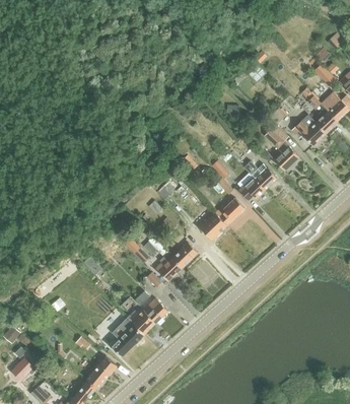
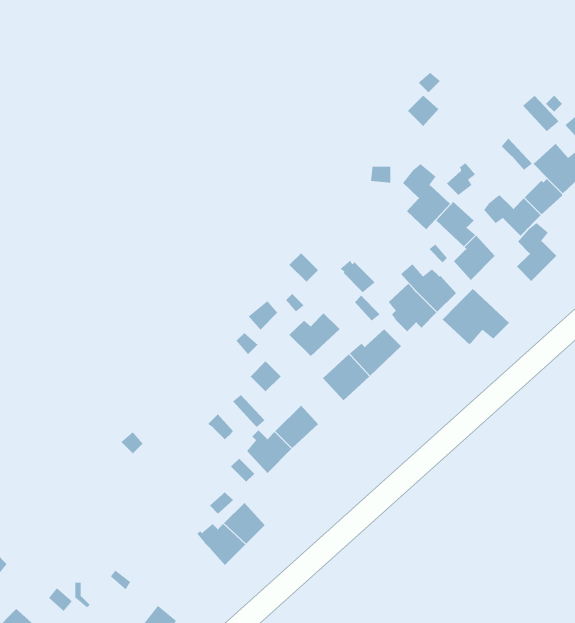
building: none -> [402,163,451,230]
building: none -> [516,222,557,282]
building: none -> [442,288,510,346]
building: none -> [288,312,341,357]
building: [111,316,143,355] -> none

